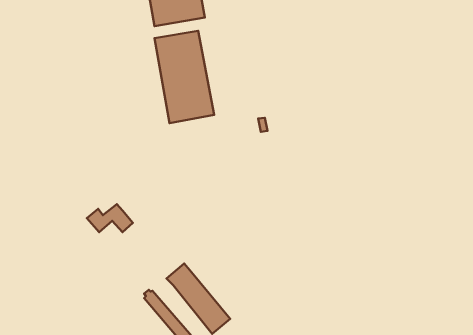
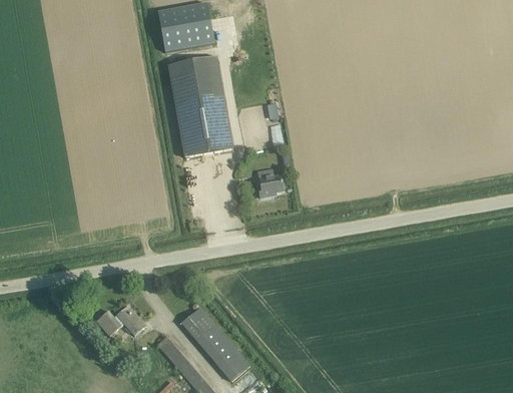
building: none -> [258,168,283,196]
building: [87,204,133,232] -> [95,304,144,334]

